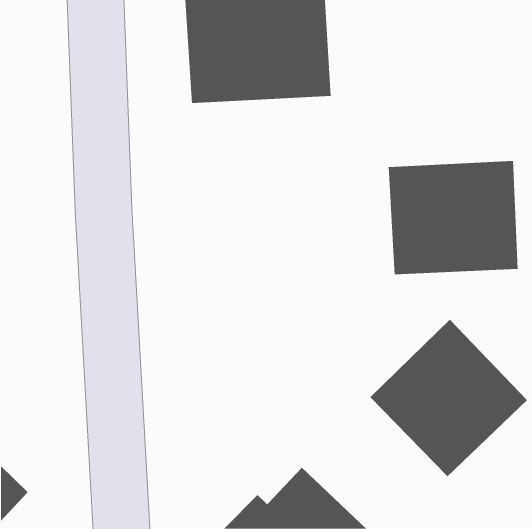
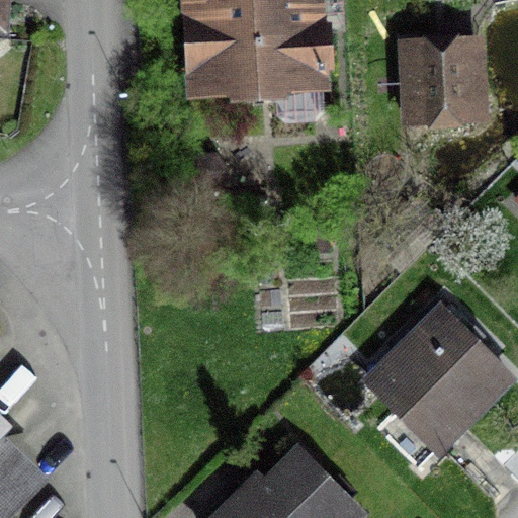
building: none -> [404,36,486,130]
building: [388,160,518,275] -> none

